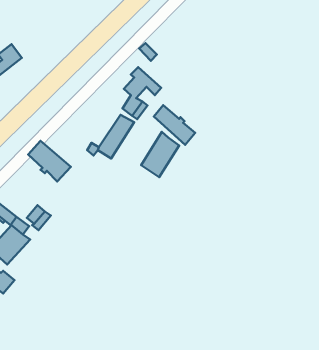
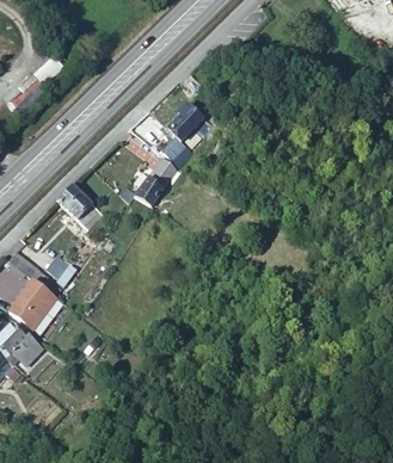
building: [154,105,195,145] -> none
building: [141,132,179,177] -> none

